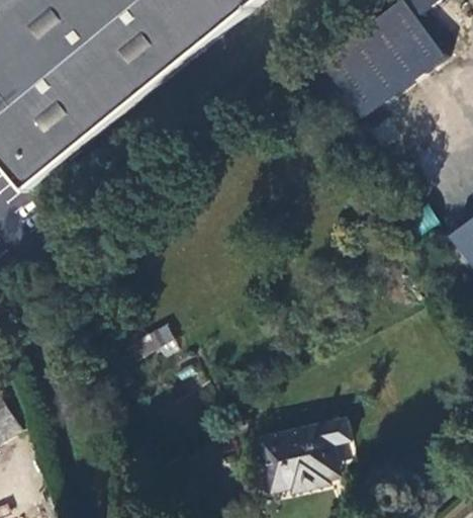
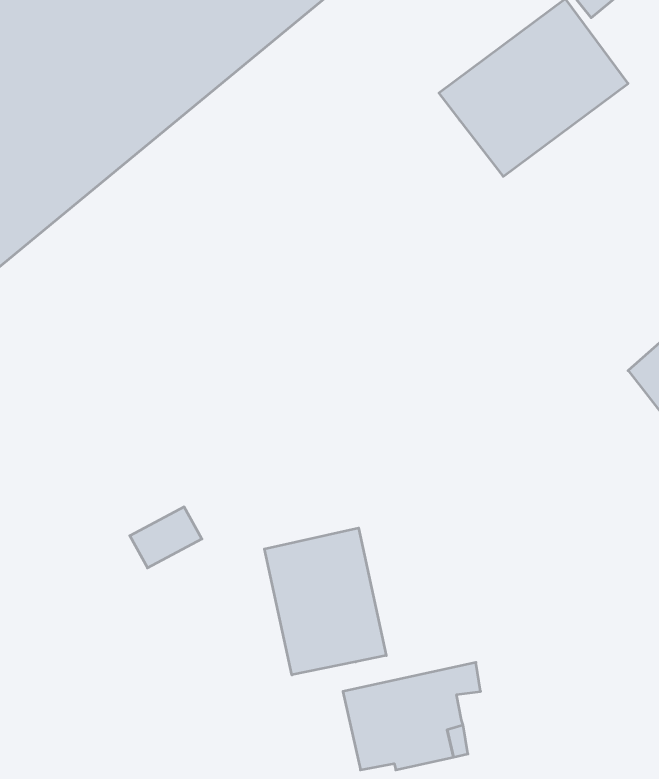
building: none -> [264,528,386,675]

